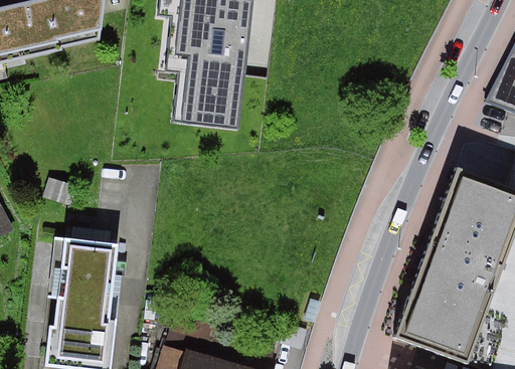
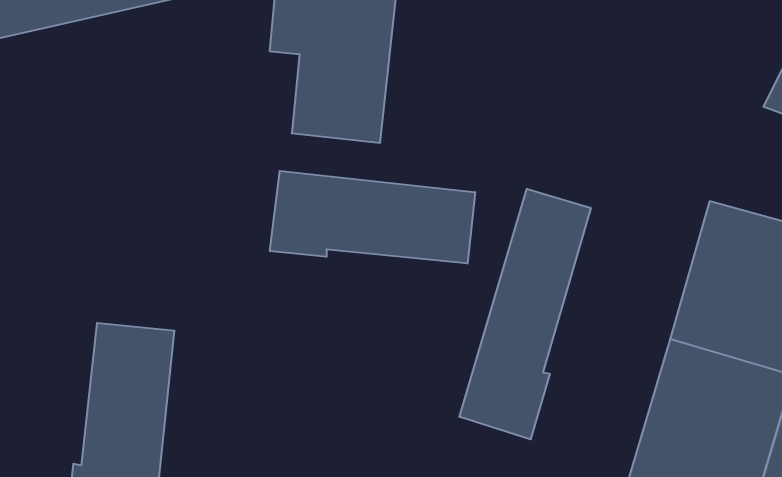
building: none -> [270,171,475,264]
building: none -> [459,189,591,439]

